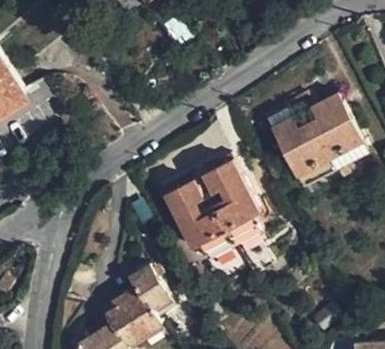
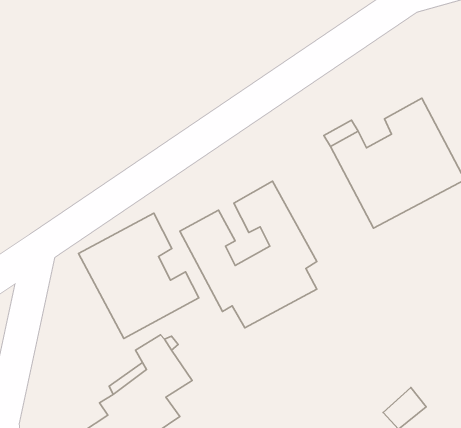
building: none -> [79,213,199,338]

